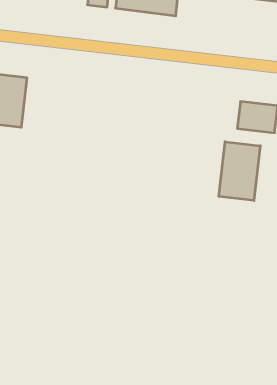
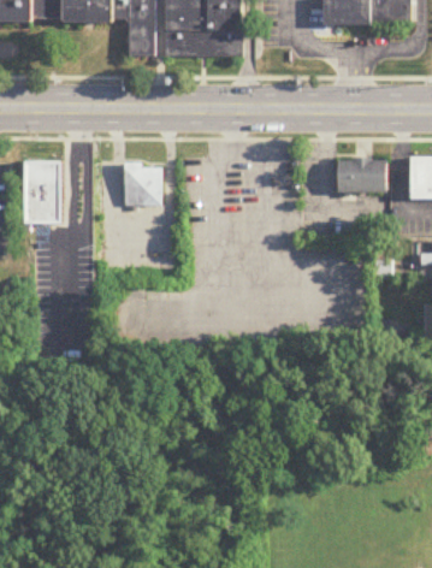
building: none -> [124,164,161,205]
building: [219,142,260,201] -> none

